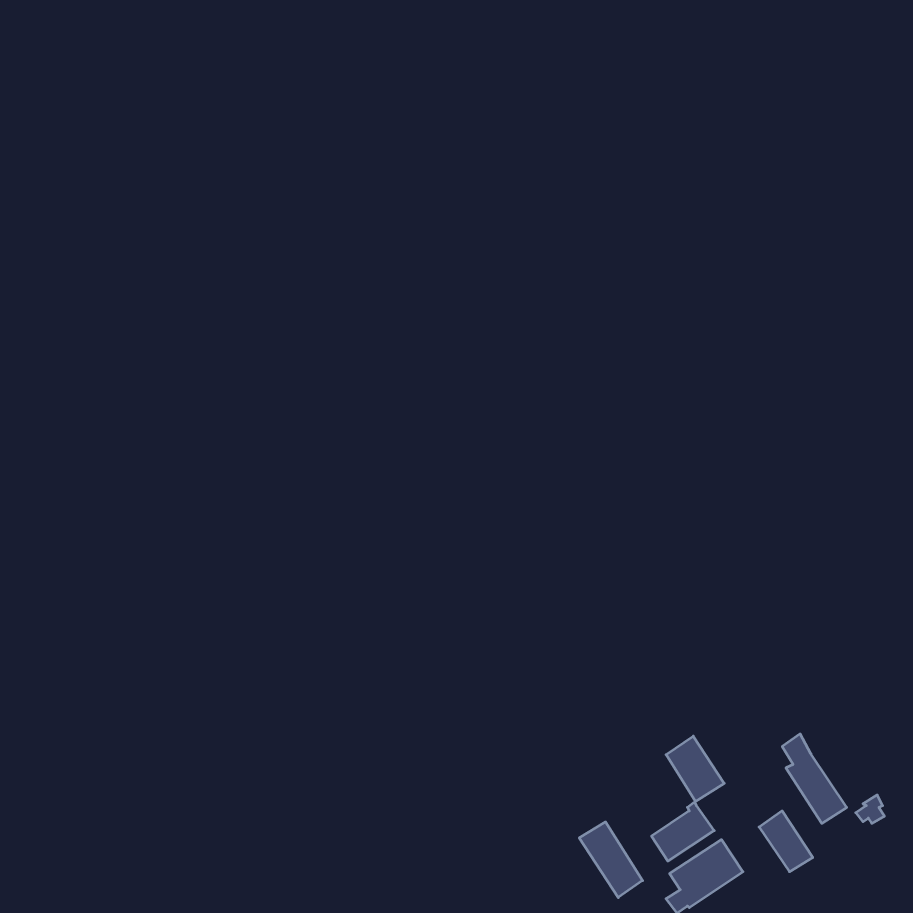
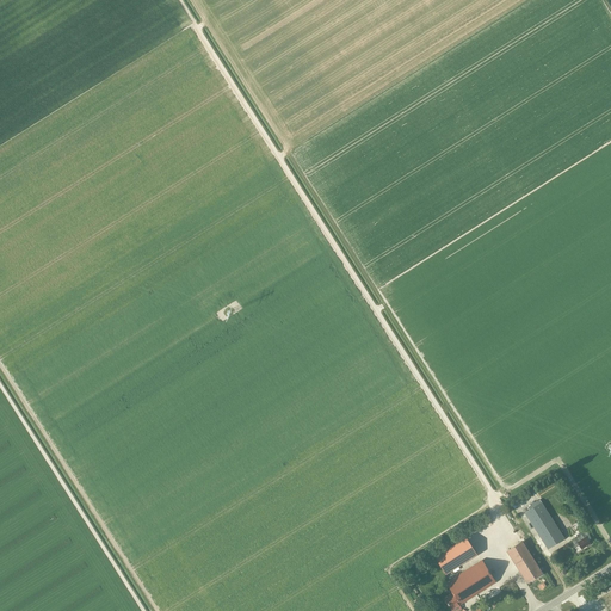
building: [666,736,724,801] -> none
building: [579,822,643,898] -> none

